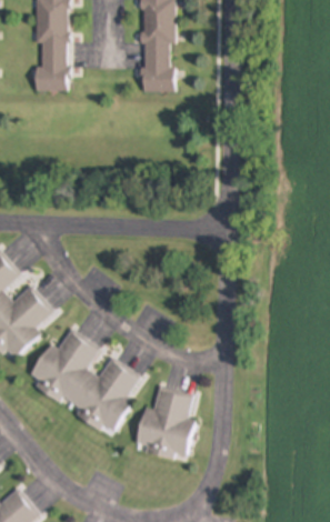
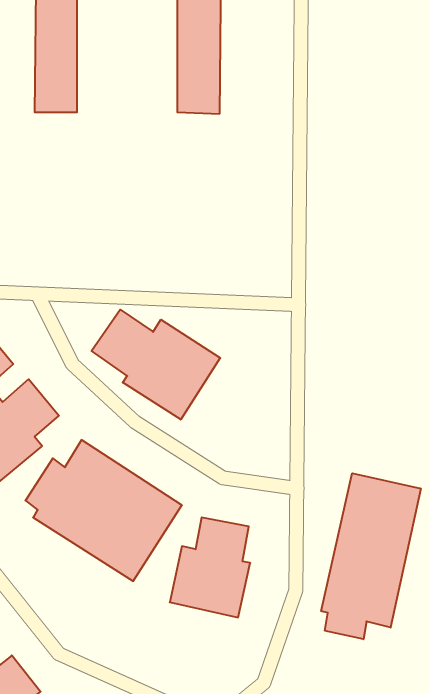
building: none -> [92,310,220,420]
building: none -> [321,473,421,639]

